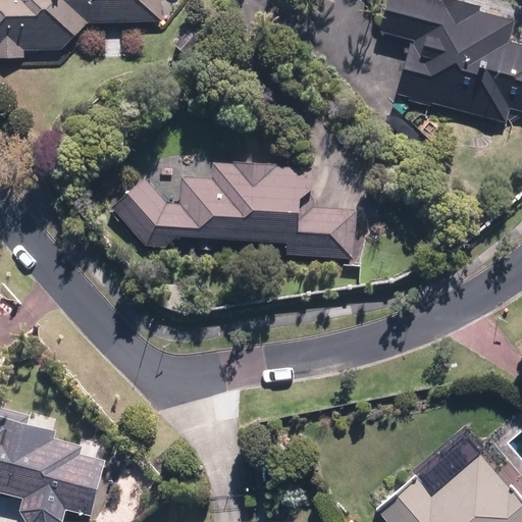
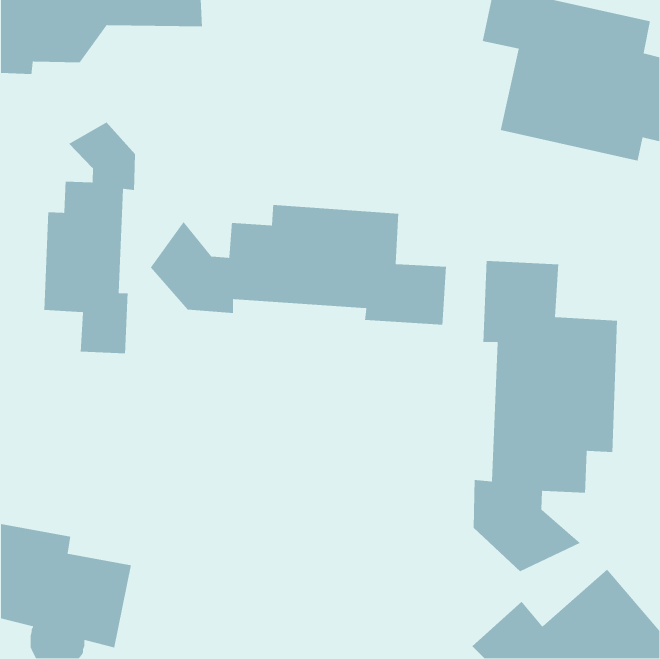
building: none -> [44,121,136,354]
building: none -> [473,260,618,572]

